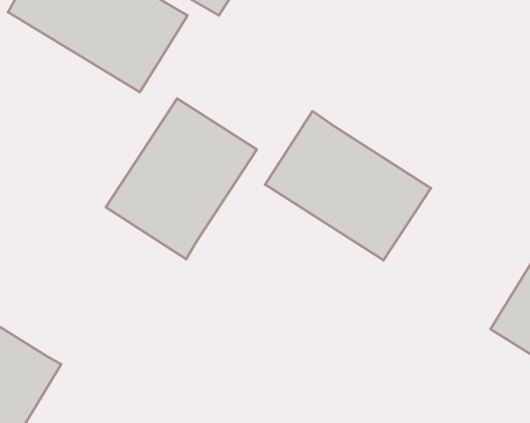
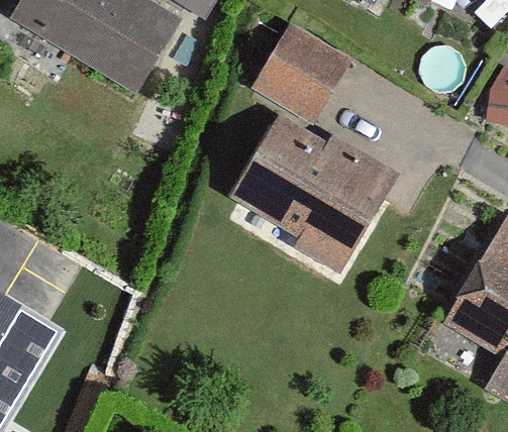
building: none -> [249,29,340,119]
building: [106,99,257,259] -> none

